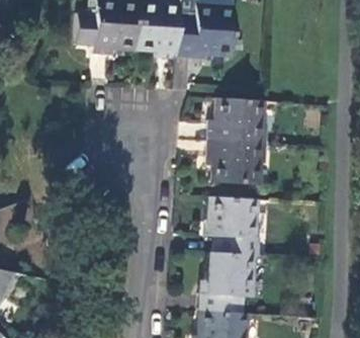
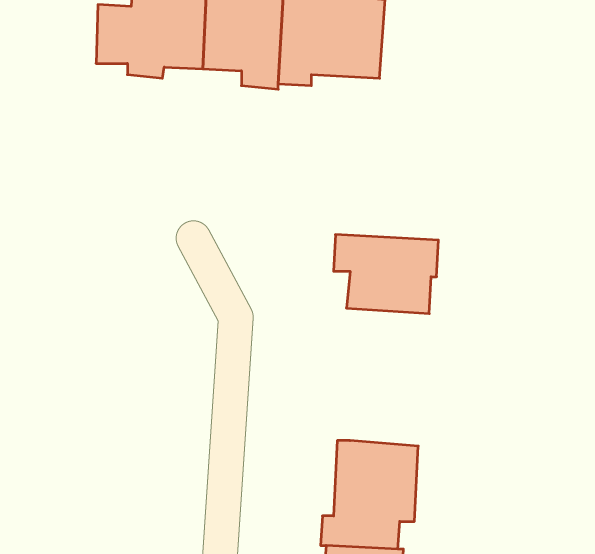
building: [206,97,264,142] -> none
building: [208,196,258,255] -> none

